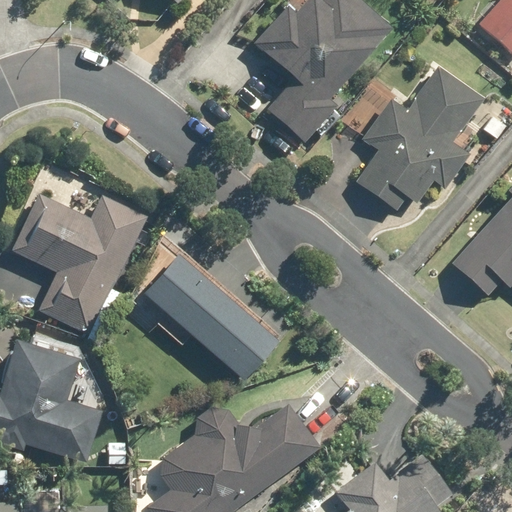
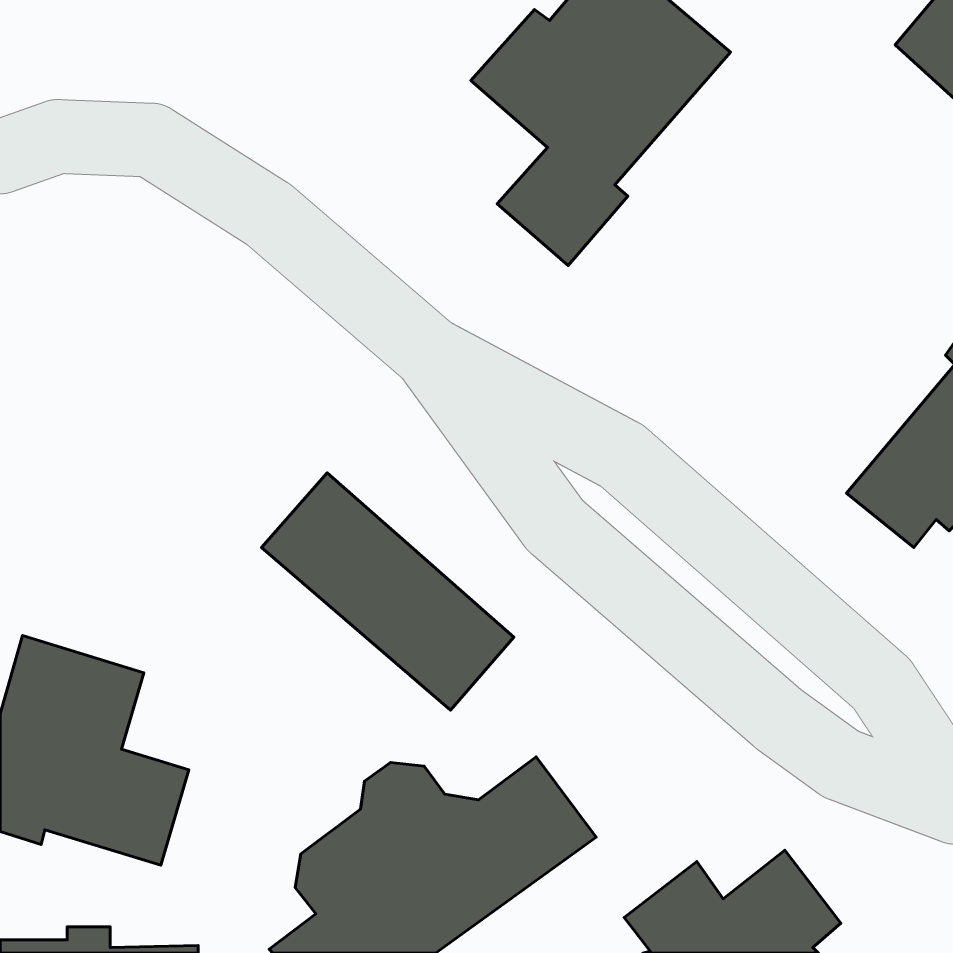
building: [355,67,484,211] -> none
building: [11,194,149,343] -> none

